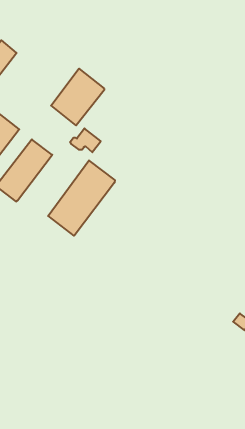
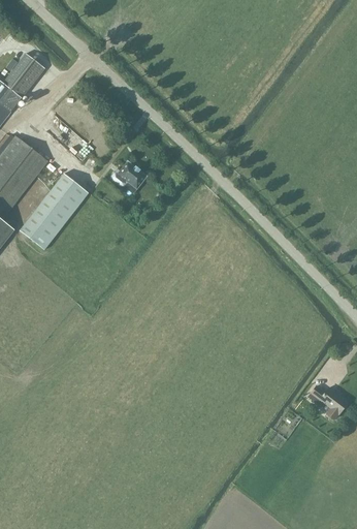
building: [51,69,104,125] -> none
building: [48,160,115,236] -> none

